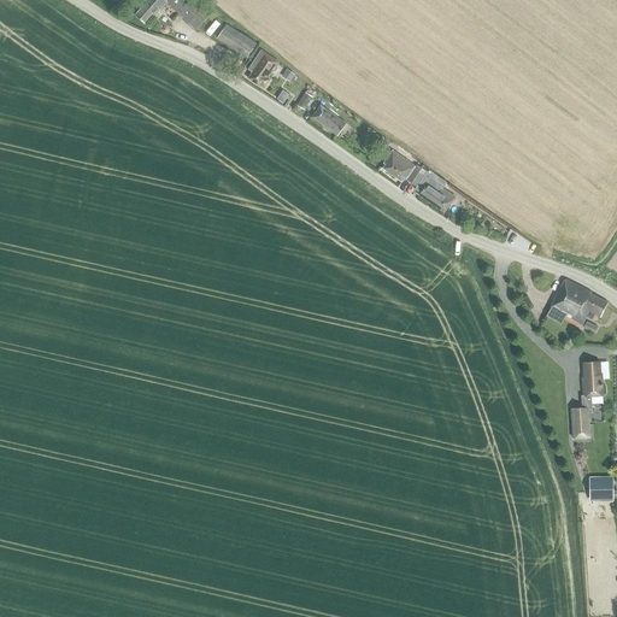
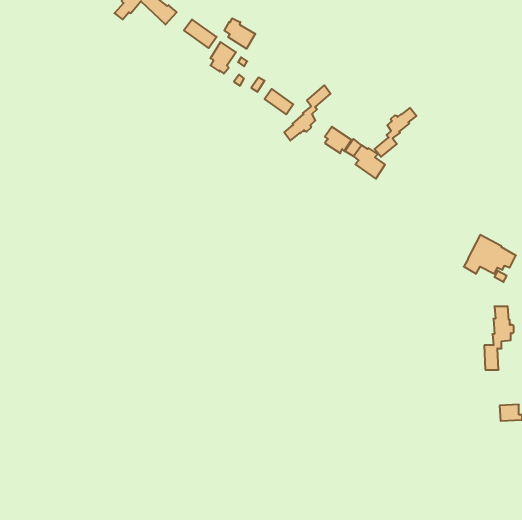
building: none -> [224,18,255,49]
building: none -> [284,85,331,141]
building: none -> [375,108,416,157]

